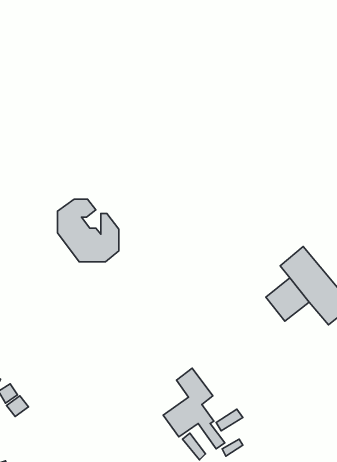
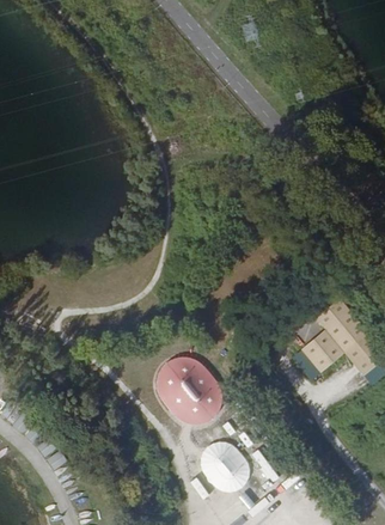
building: [57,199,119,262] -> [157,358,218,420]

